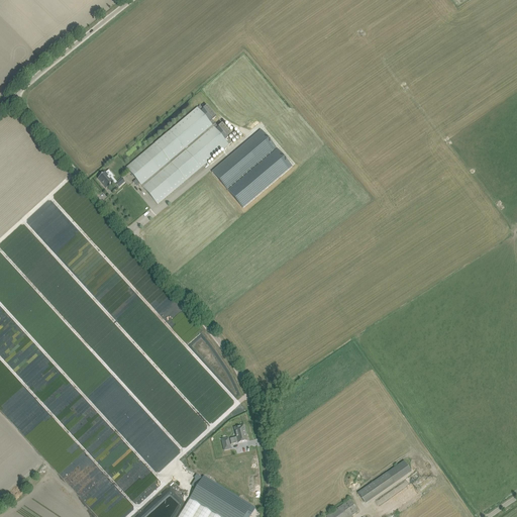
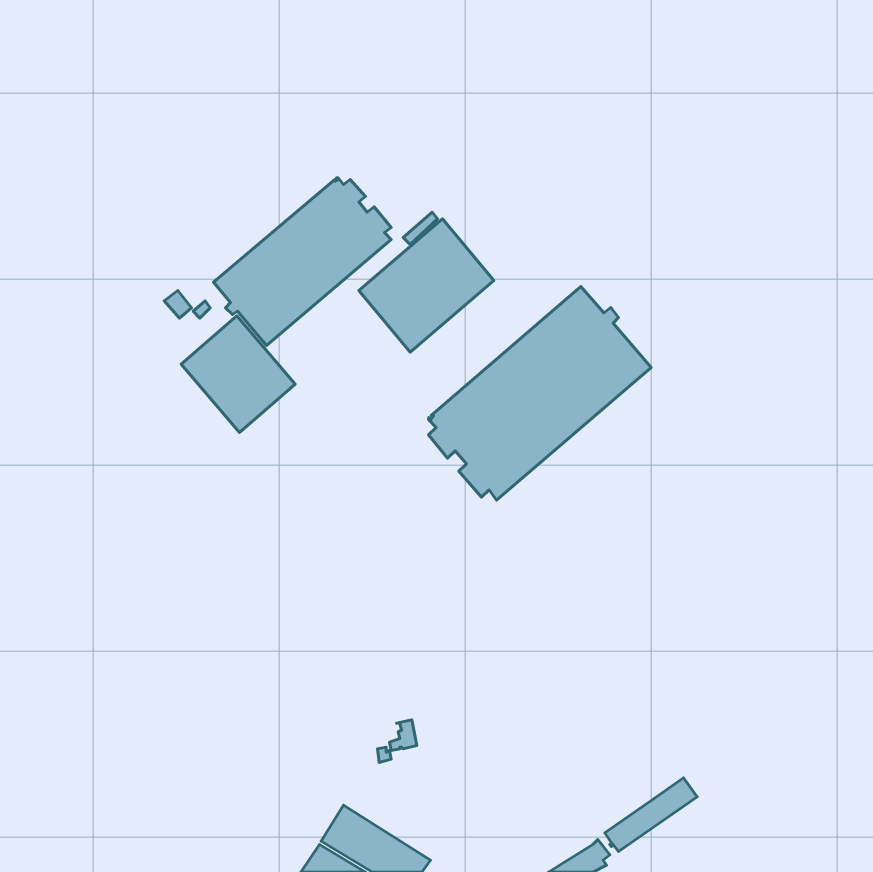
building: none -> [429,287,651,500]
building: none -> [181,316,295,433]

